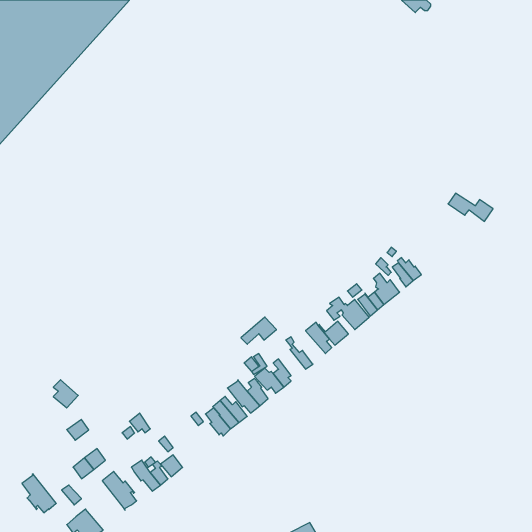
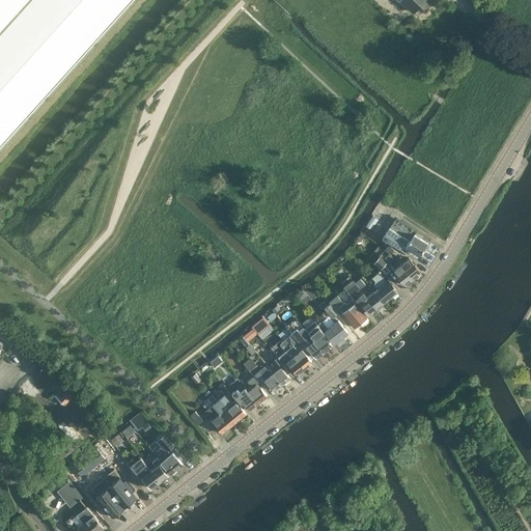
building: [448,193,493,221] -> [382,228,426,256]
building: none -> [286,324,324,359]
building: none -> [273,339,304,378]
building: [22,474,56,513] -> [90,479,124,518]

